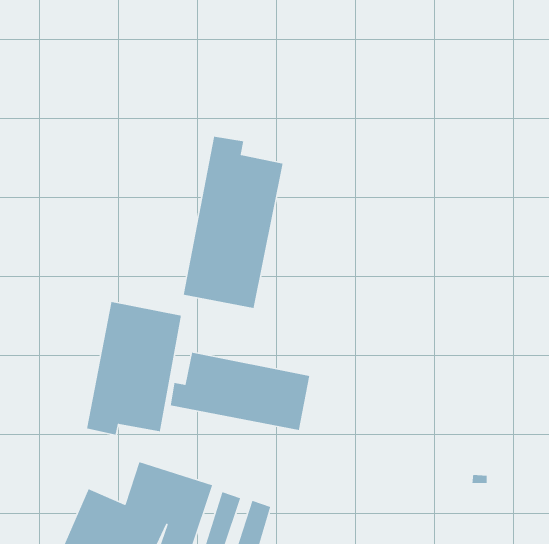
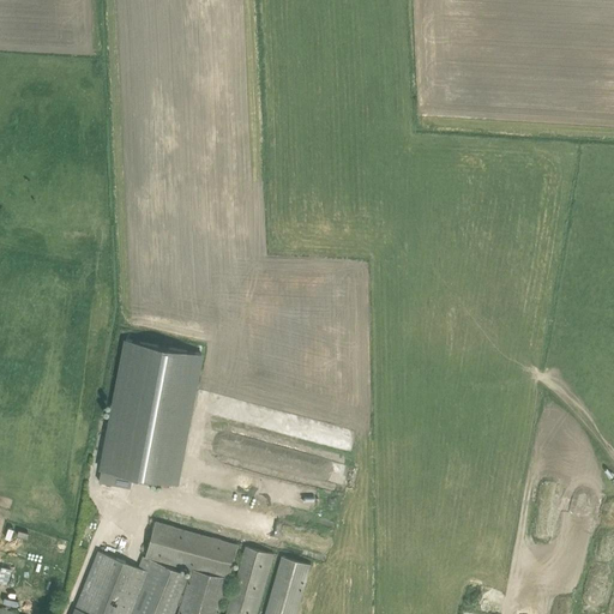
building: [183,136,284,309] -> none
building: [170,352,310,431] -> none

